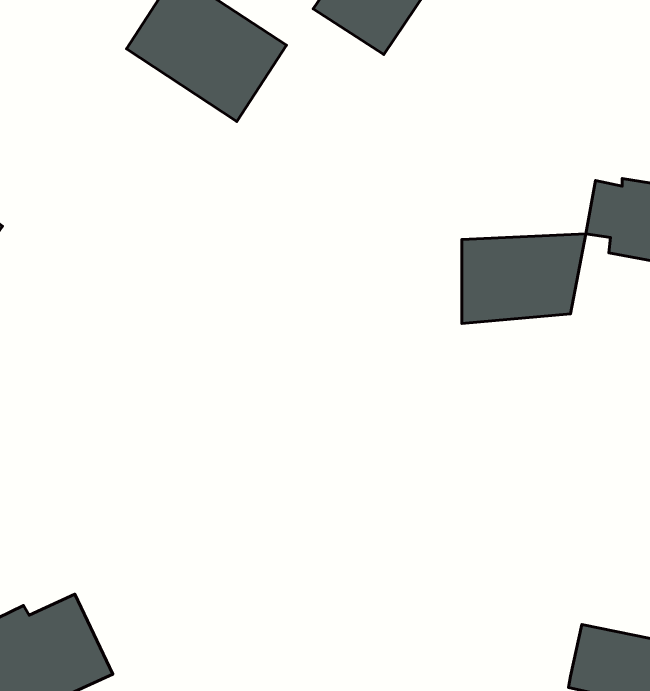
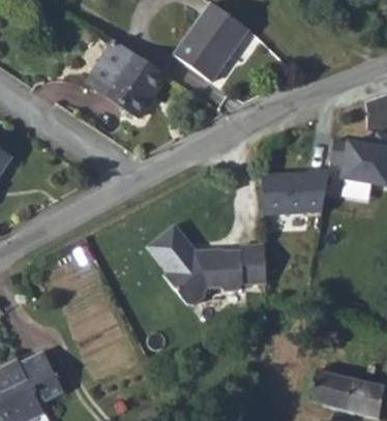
building: none -> [156,228,273,311]

